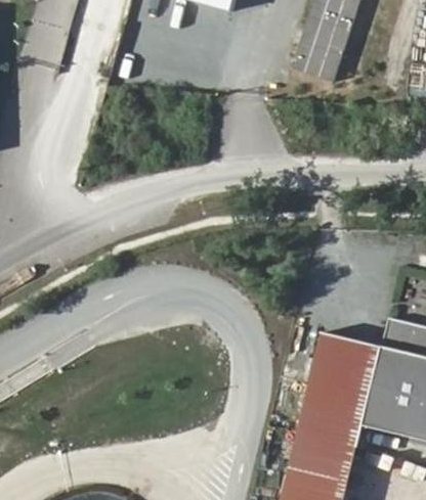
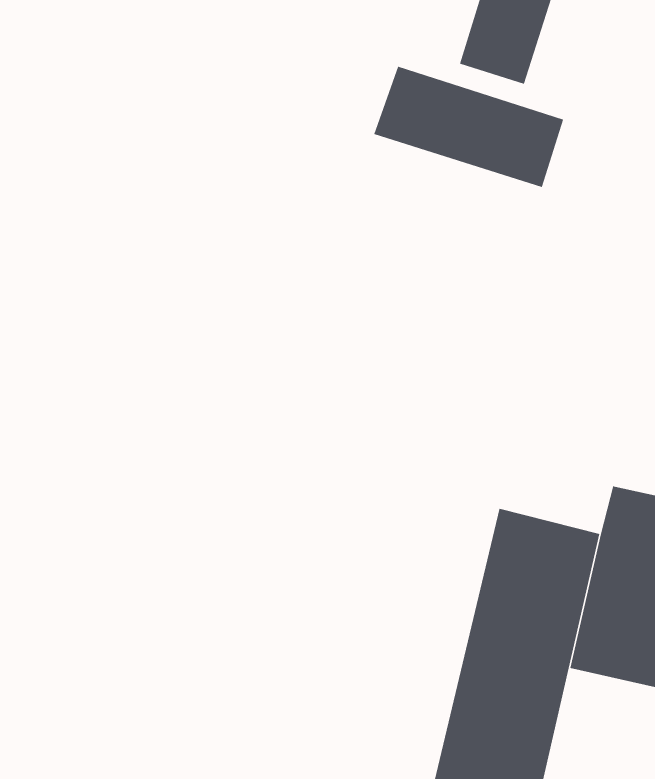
building: none -> [373,66,564,188]

